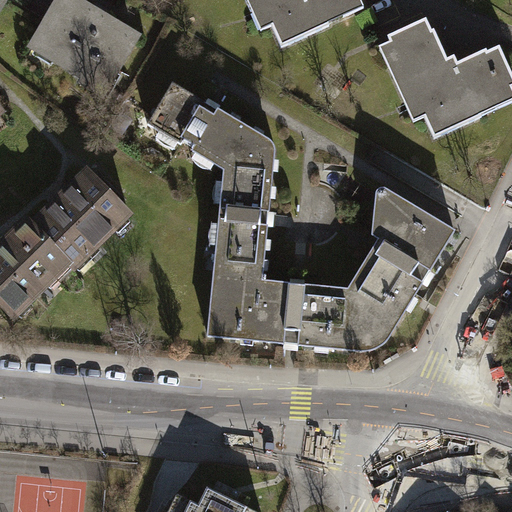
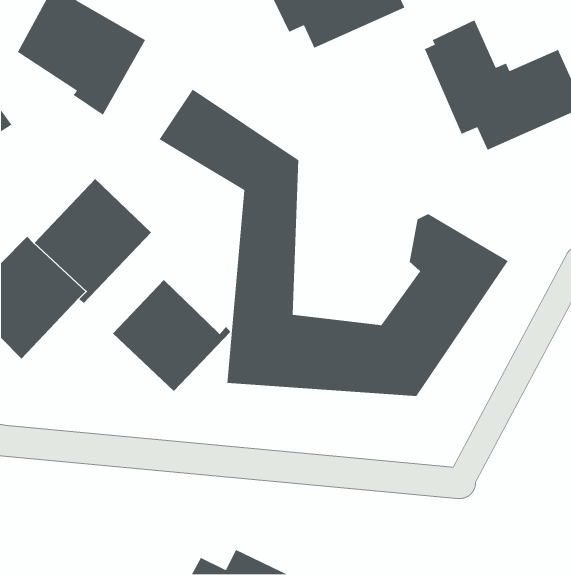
building: none -> [112,279,231,392]

